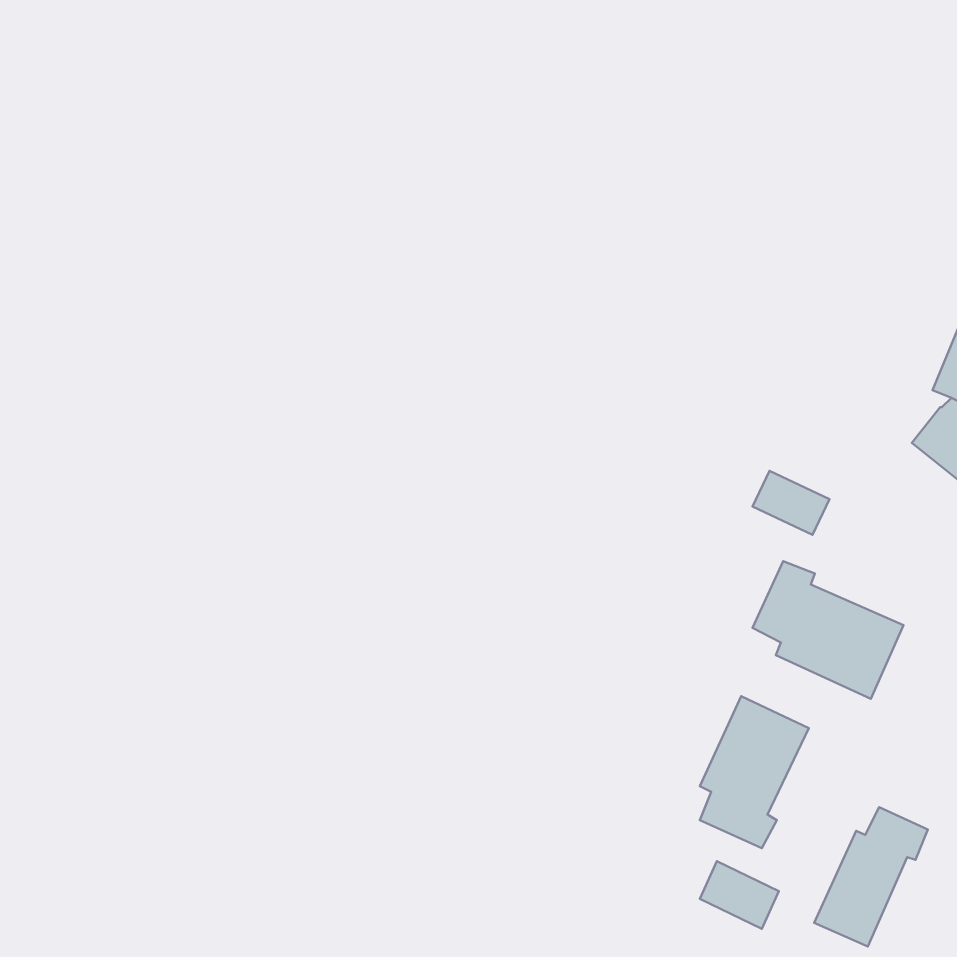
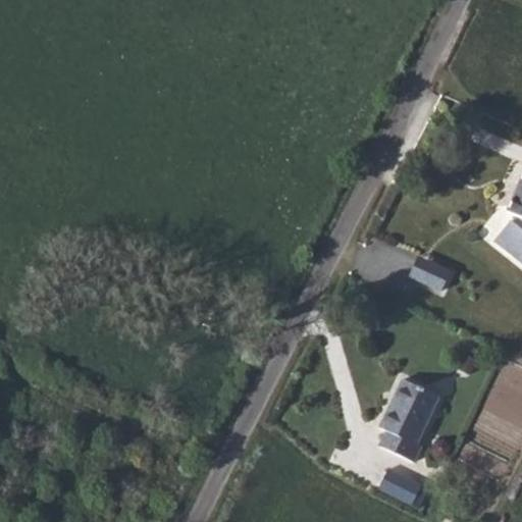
building: [753,561,904,699] -> none
building: [814,807,928,946] -> none

